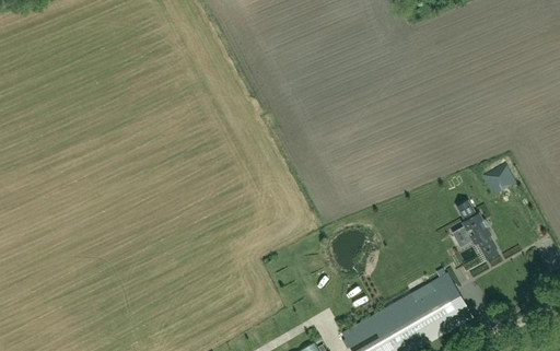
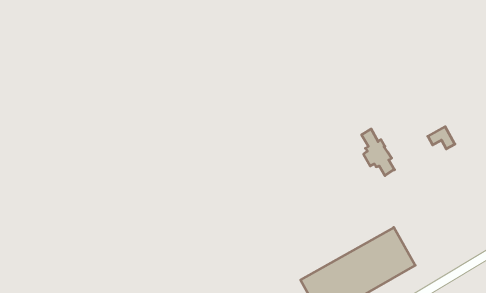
building: [456,201,493,254] -> [362,129,395,176]

